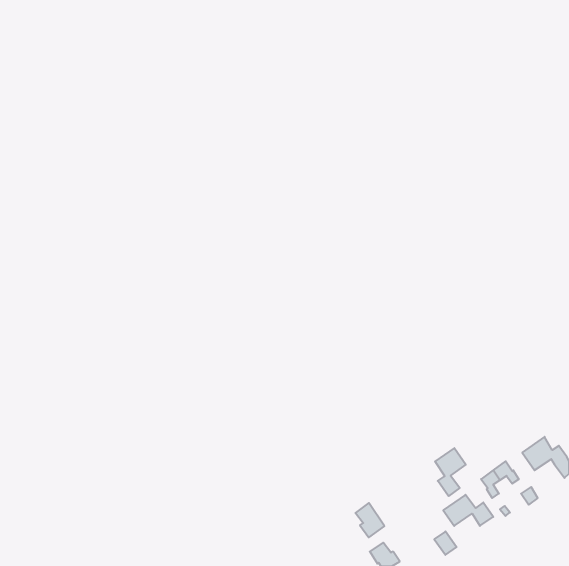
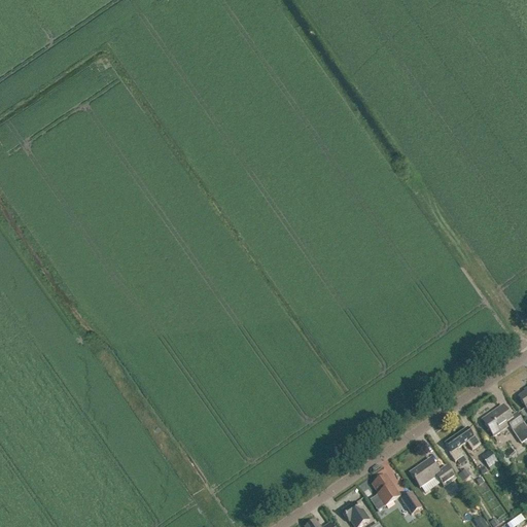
building: [435,448,466,496] -> none
building: [355,503,384,537] -> [373,473,399,505]

